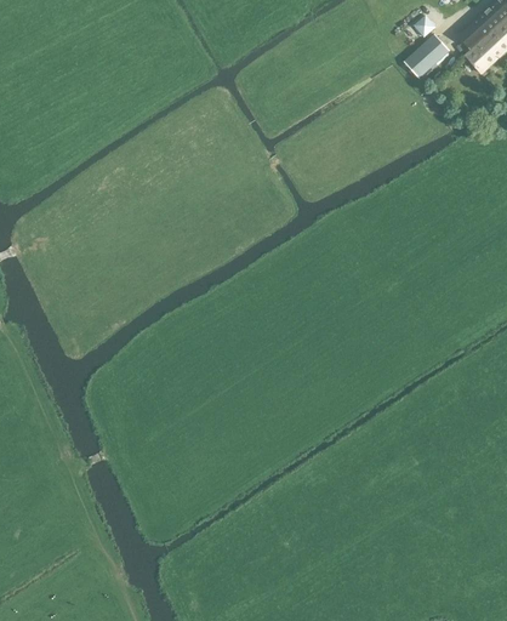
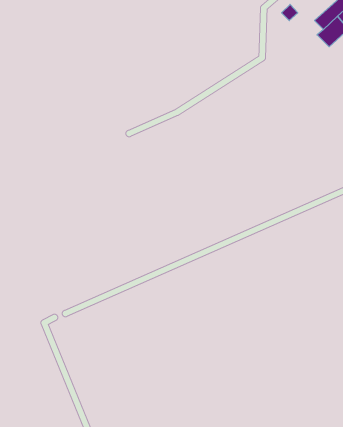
building: [404,29,455,76] -> none

